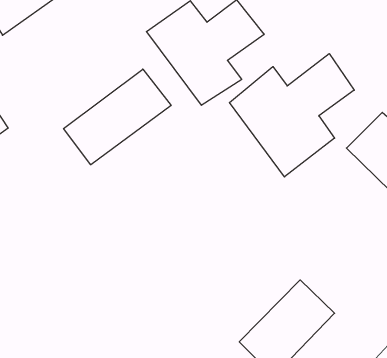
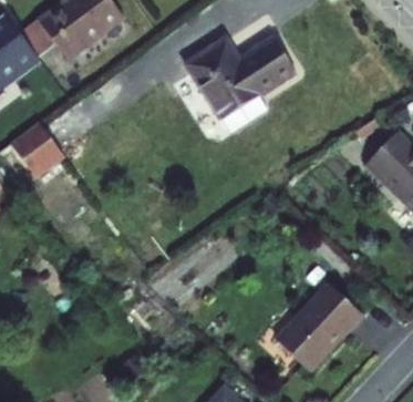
building: [229,54,354,177] -> none
building: [64,69,171,165] -> none

